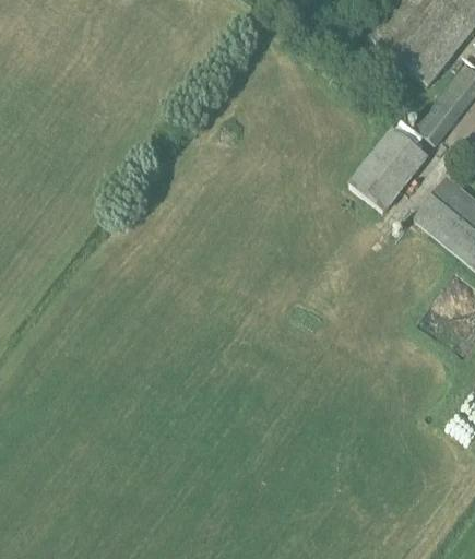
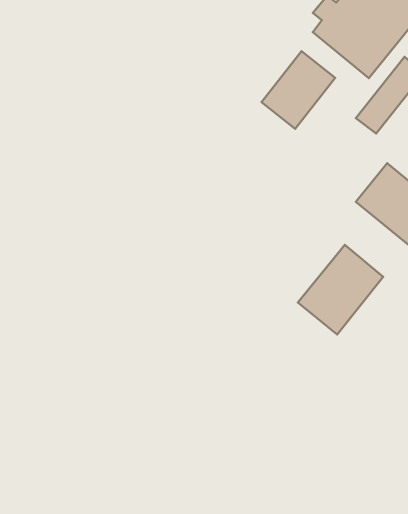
building: [348,129,427,212] -> [262,51,335,129]
building: none -> [298,245,383,335]

